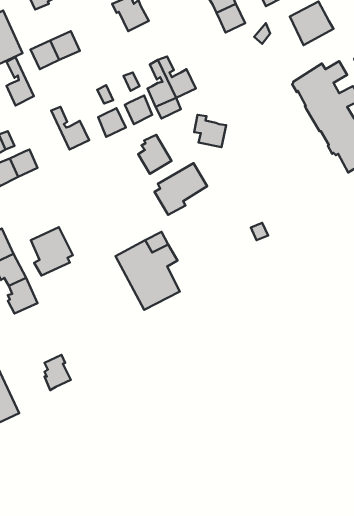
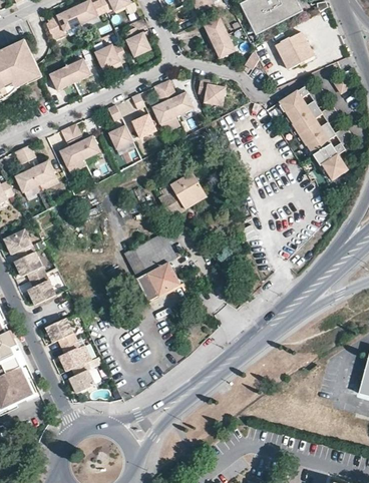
building: none -> [94,42,127,69]
building: [6,57,34,105] -> [59,126,83,168]
building: [194,115,226,147] -> [199,76,227,104]
building: [138,135,172,174] -> none
building: [31,227,73,276] -> none
building: none -> [45,318,76,347]
building: none -> [71,361,95,393]

